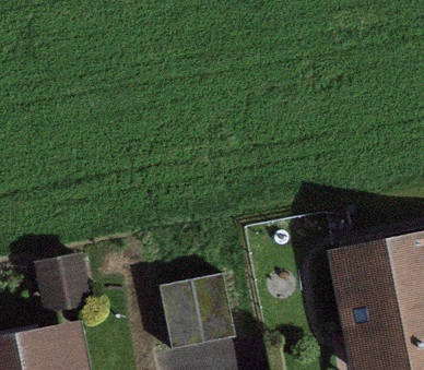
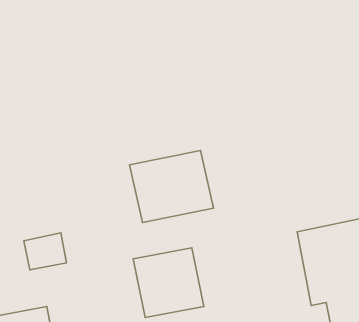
building: none -> [130,151,213,223]

